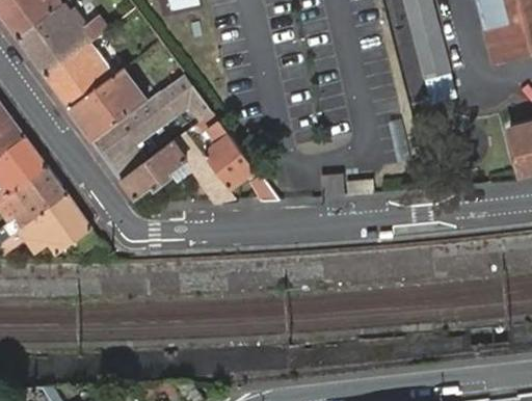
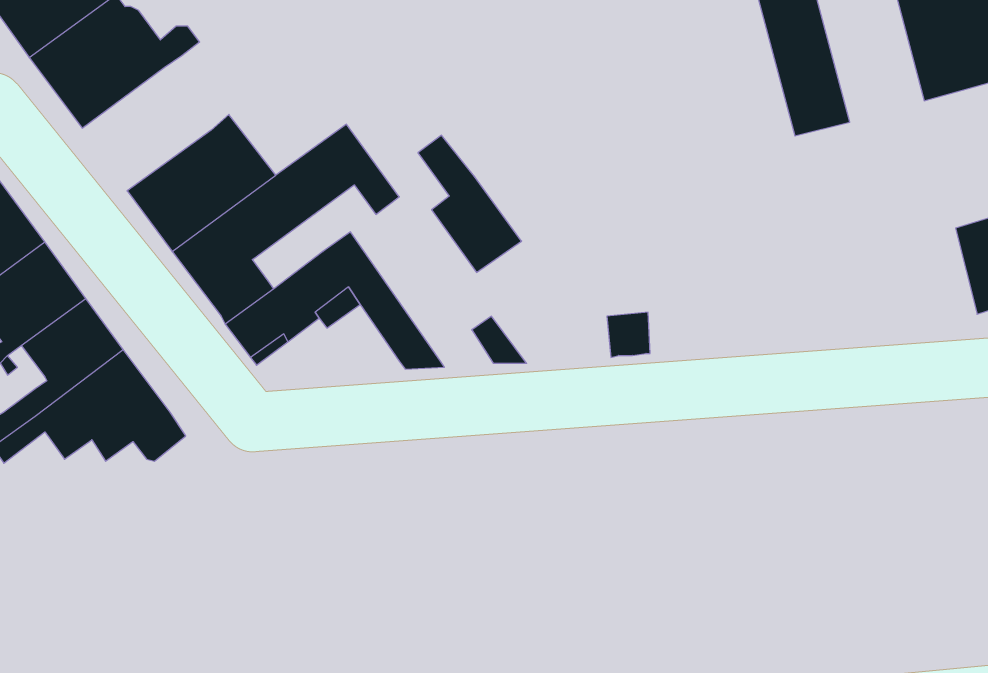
building: [44,43,112,108] -> none
building: [200,111,255,184] -> [418,135,522,272]

